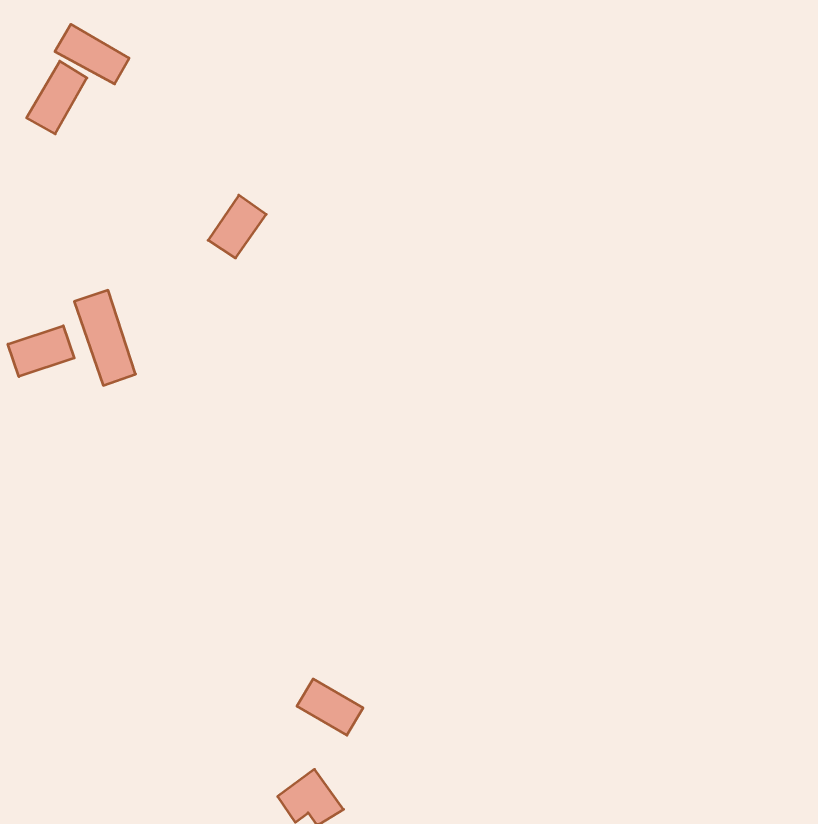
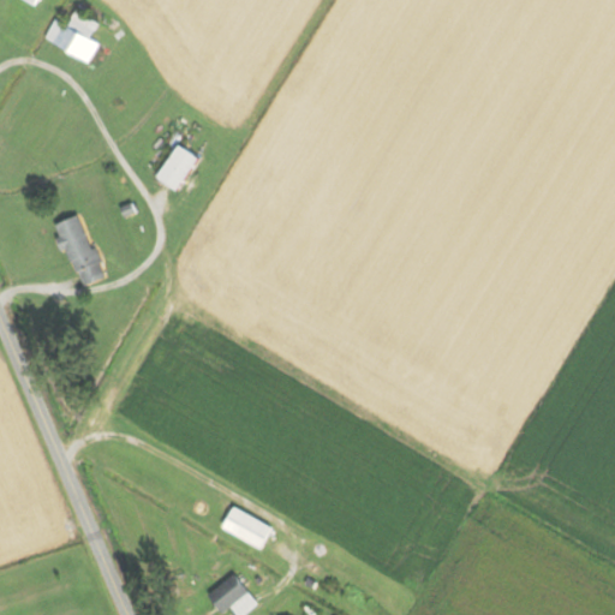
building: [27,61,87,134] -> none
building: [8,326,74,377] -> none

